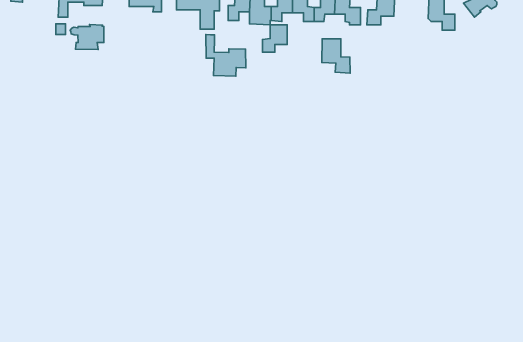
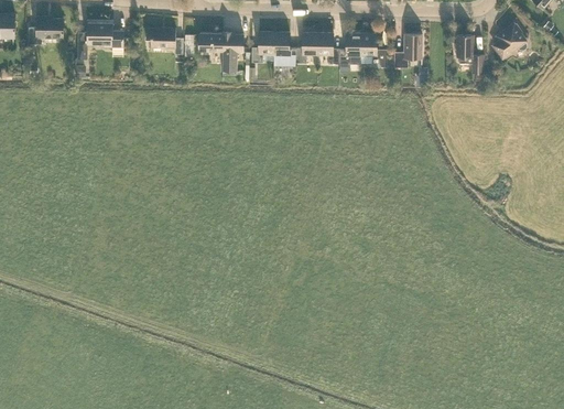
building: [70,24,104,49] -> none
building: [263,25,287,52] -> none
building: [206,35,246,76] -> none
building: [322,39,350,73] -> none

